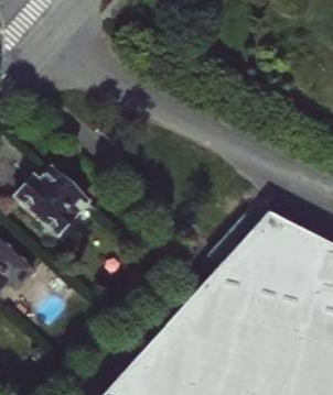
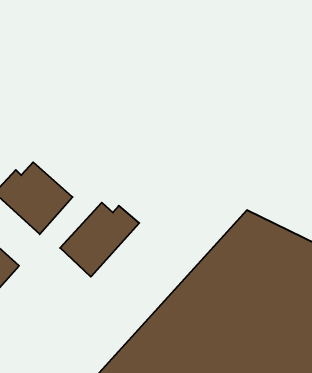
building: none -> [60,203,139,277]

